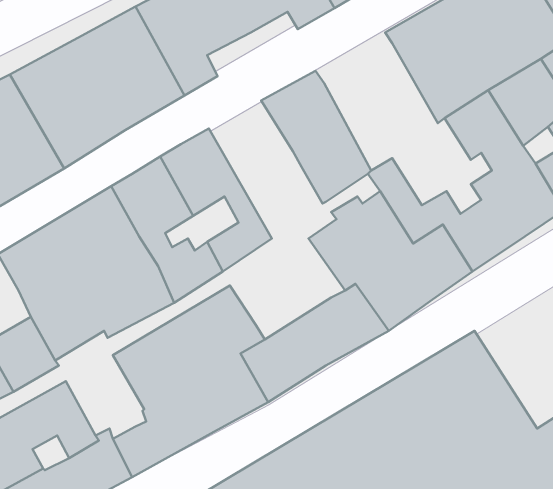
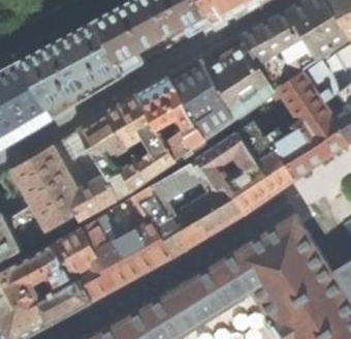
building: none -> [206,44,275,120]
building: none -> [138,79,205,160]
building: none -> [151,160,219,212]
building: none -> [54,229,101,277]

